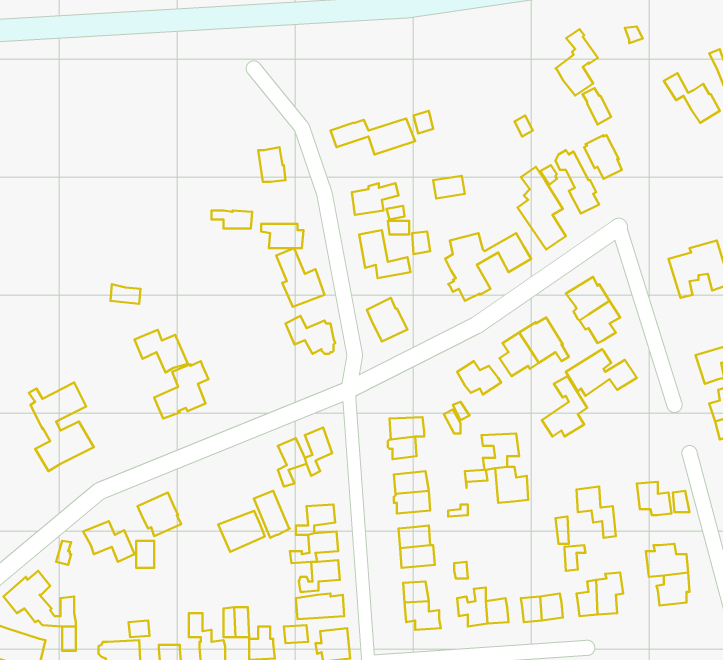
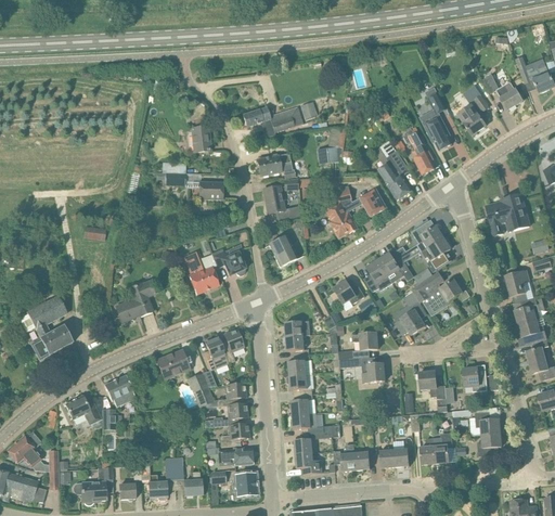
building: [556,29,598,96] -> [459,86,489,133]
building: [276,248,324,307] -> [184,250,219,293]
building: [135,330,188,372] -> none
building: [218,511,265,552] -> [156,349,190,378]

